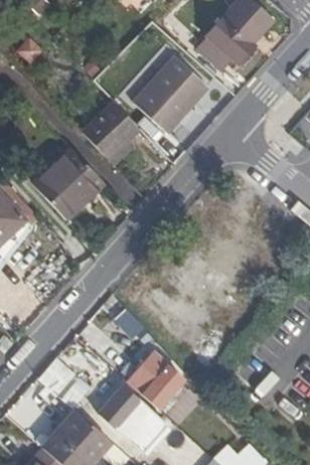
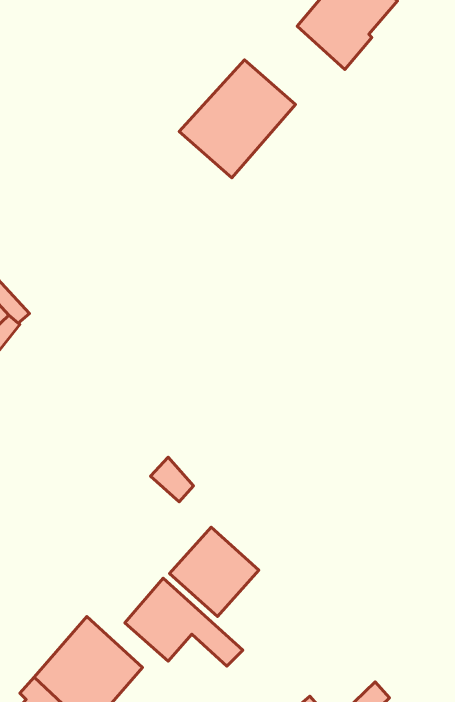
building: [83,102,138,158] -> none
building: [31,147,105,220] -> none

